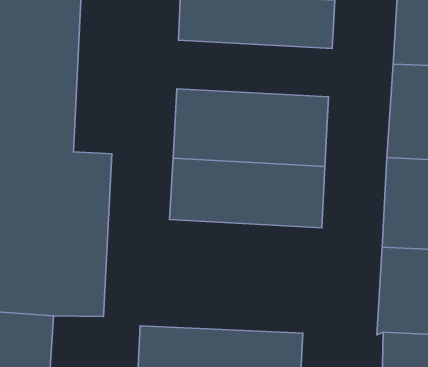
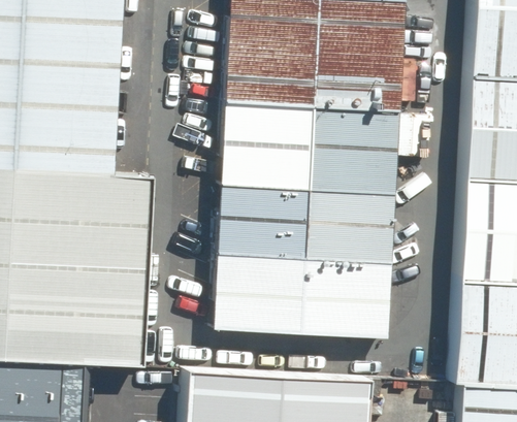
building: none -> [226,47,401,111]
building: none -> [214,250,390,335]

